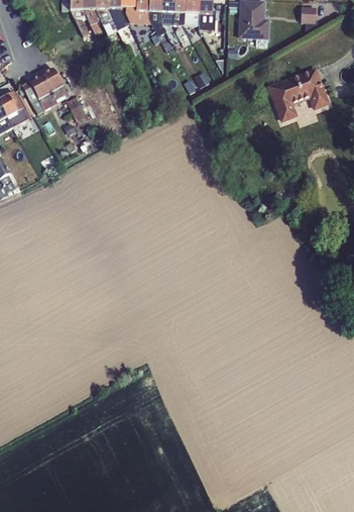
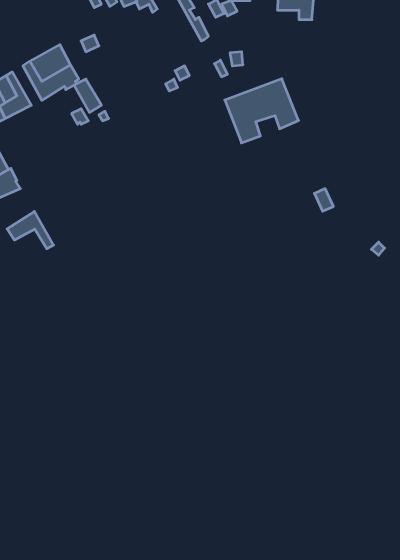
building: [267,68,330,122] -> [225,79,299,143]
building: none -> [7,211,54,249]

